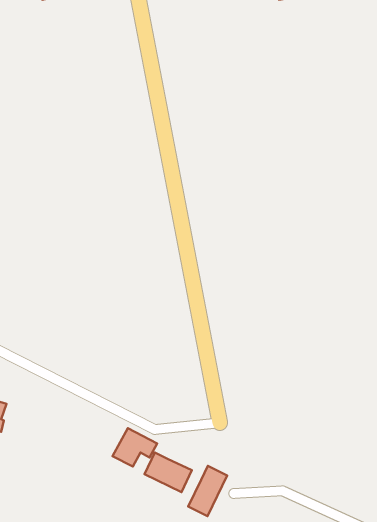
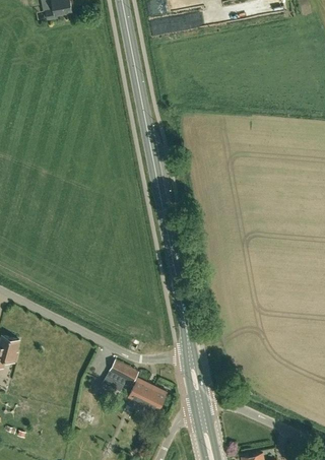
building: [188,466,227,516] -> none

